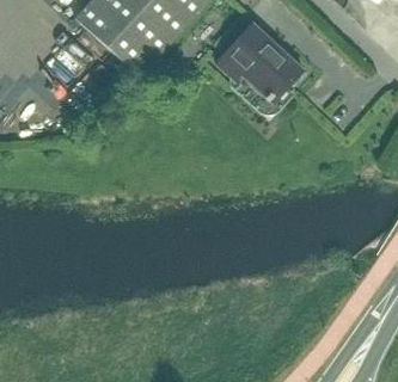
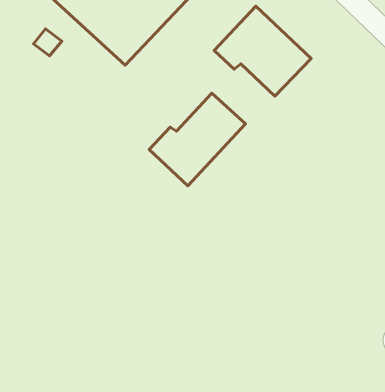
building: none -> [149,93,246,186]

